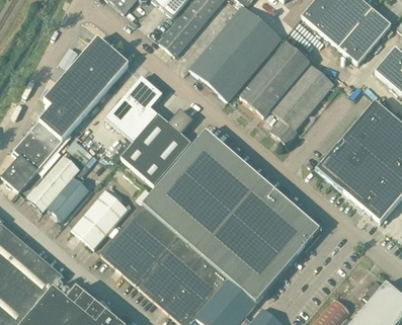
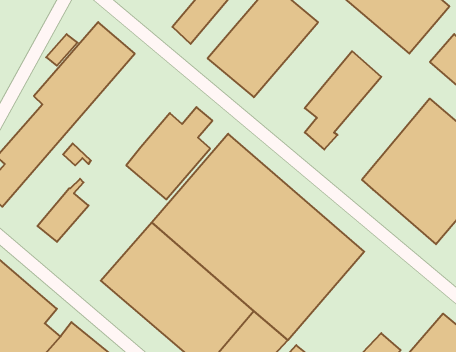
building: [240,43,310,116] -> none
building: [105,75,163,142] -> none
building: [26,154,80,212] -> none
building: [71,188,129,249] -> none

